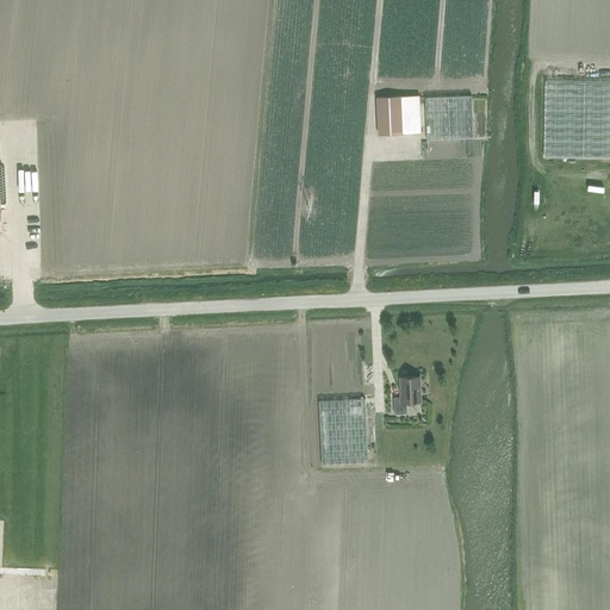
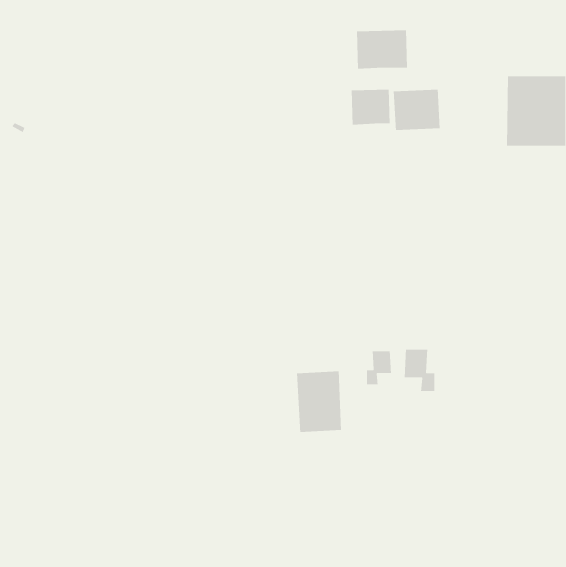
building: none -> [356,29,408,70]
building: none -> [404,349,435,392]

